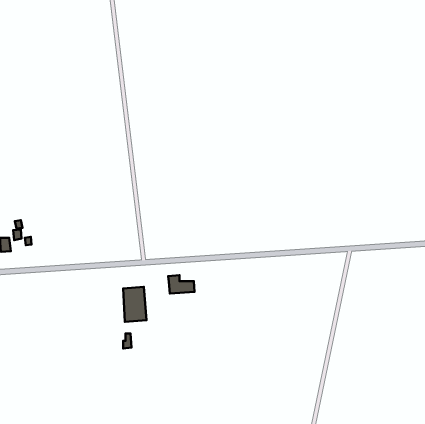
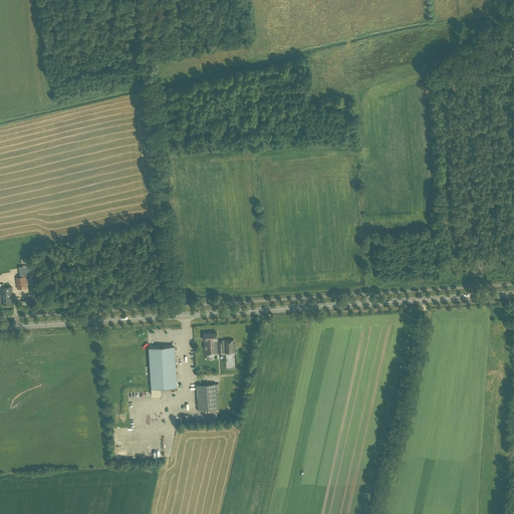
building: none -> [197,384,218,412]

